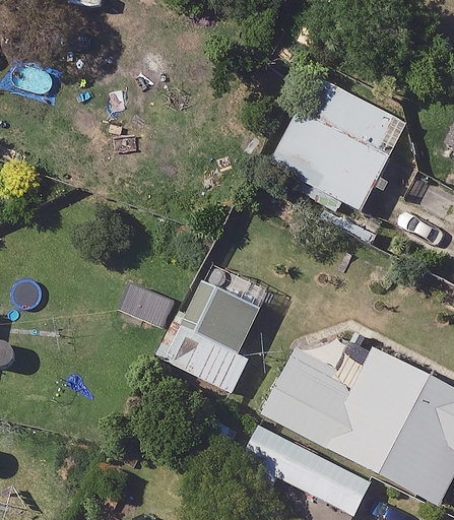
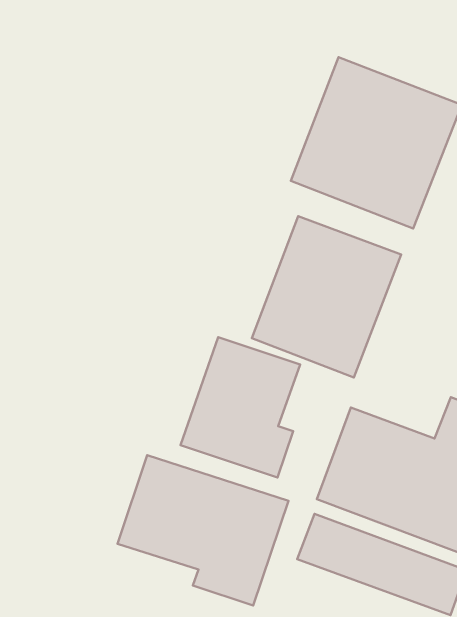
building: none -> [252,216,401,377]
building: none -> [118,455,289,606]

